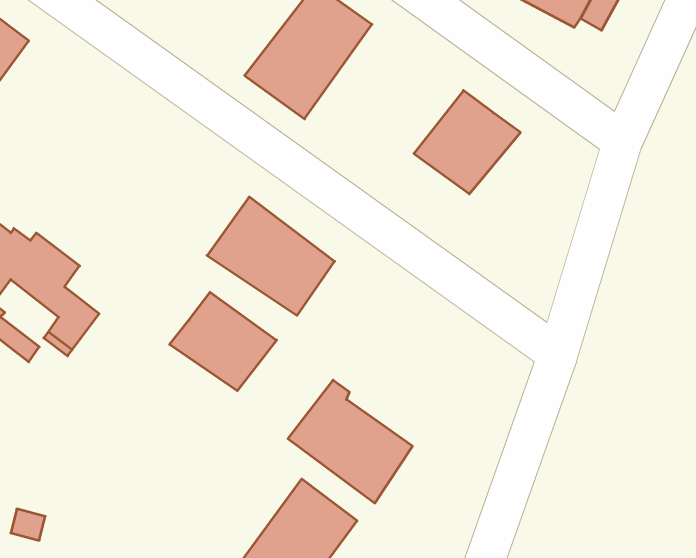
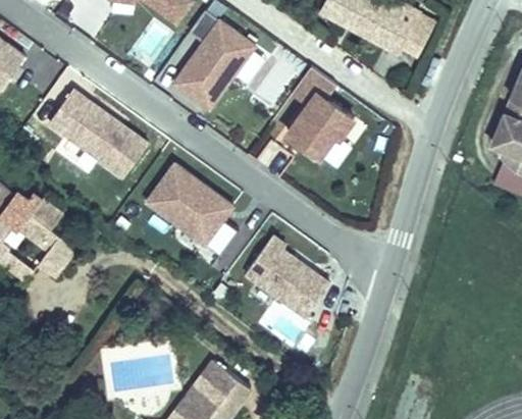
building: none -> [50,90,148,178]
building: [170,292,277,391] -> none
building: [288,380,412,503] -> [244,237,328,320]

